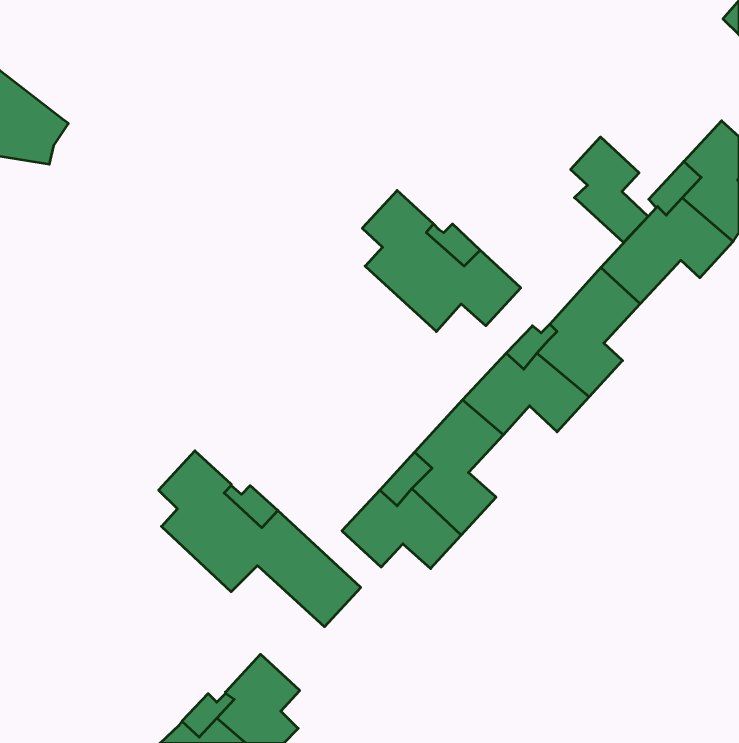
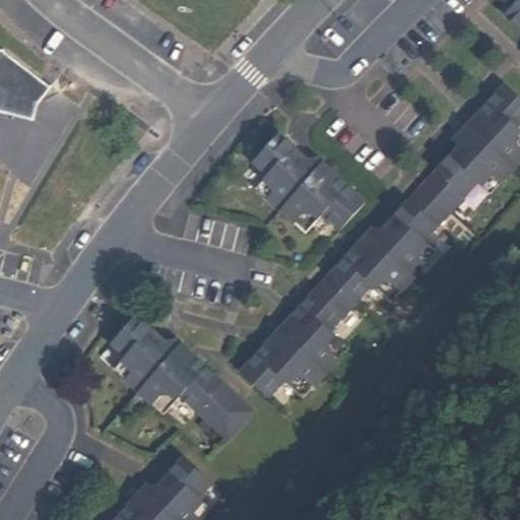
building: [571,137,648,243] -> none

